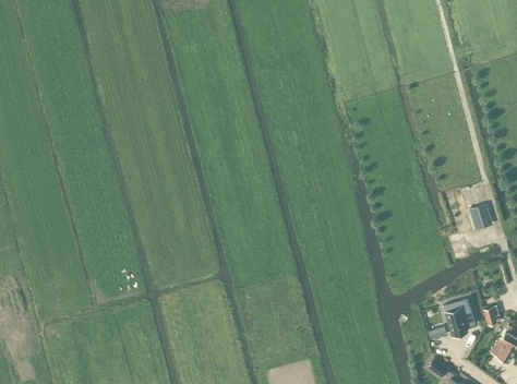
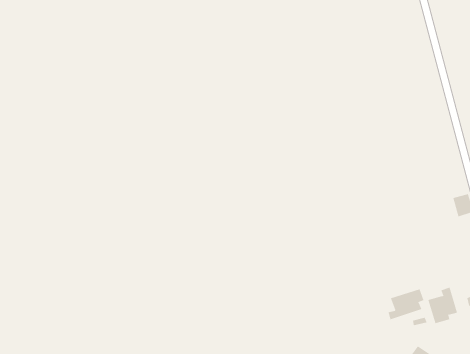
building: none -> [388,288,424,320]

